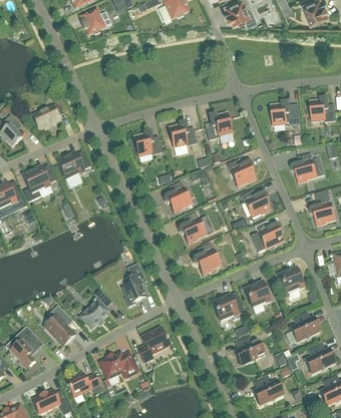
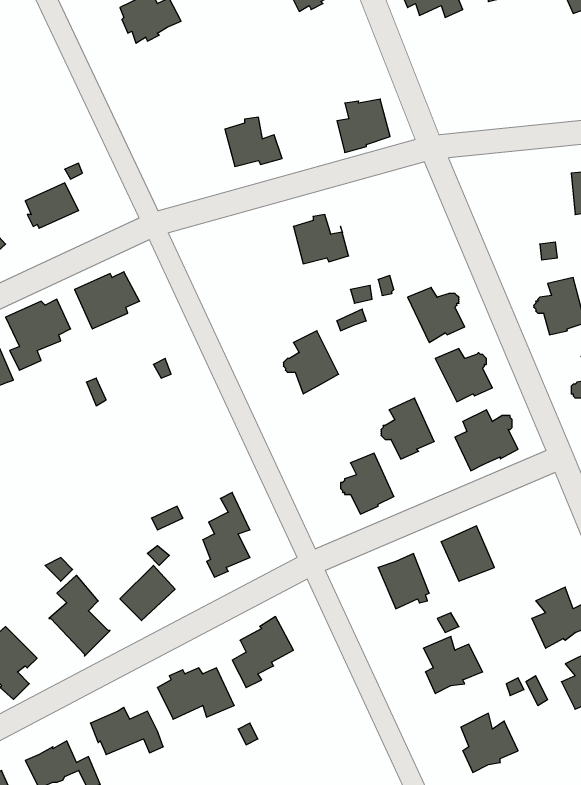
building: [272,101,300,125] -> none
building: [205,112,232,139] -> [337,99,390,152]
building: [133,130,162,155] -> [225,117,282,166]
building: [179,212,206,243] -> [381,398,434,459]
building: [278,266,304,294] -> none

